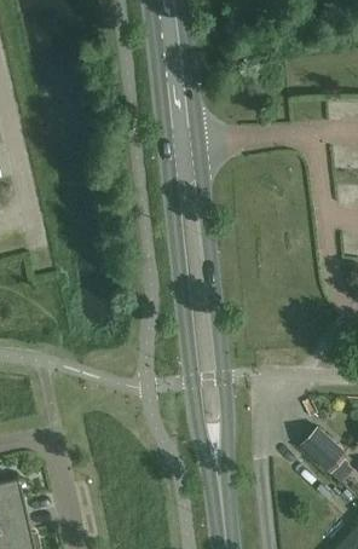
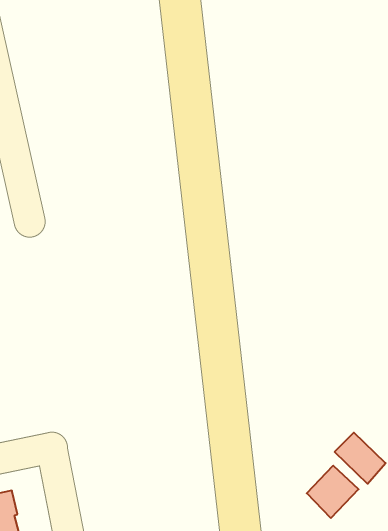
building: none -> [307,466,359,518]

